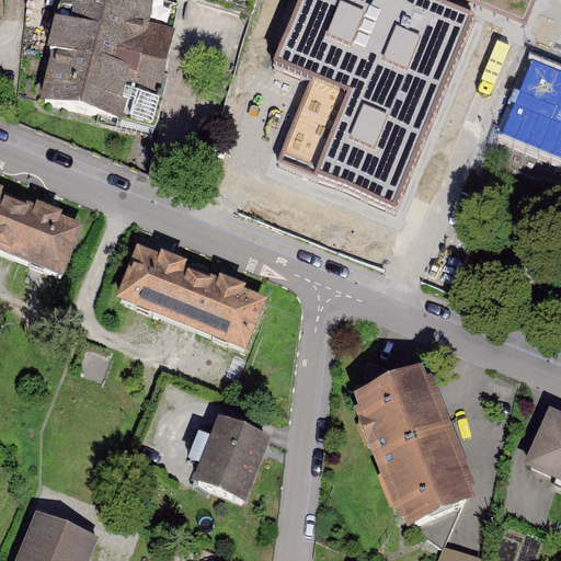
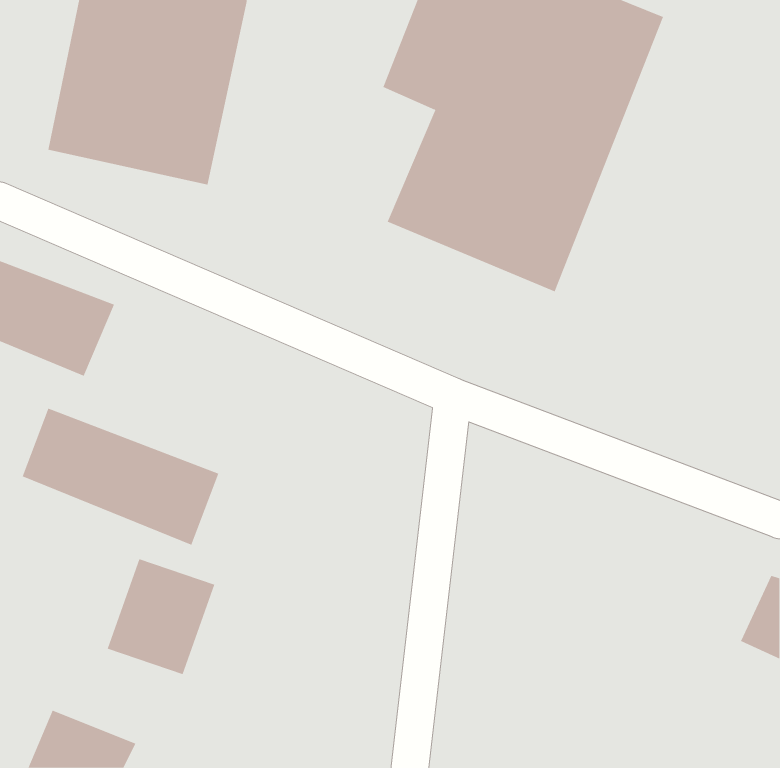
building: [122,244,263,343] -> [22,408,219,545]
building: [348,369,473,528] -> none
building: [195,417,273,501] -> [107,558,215,675]

